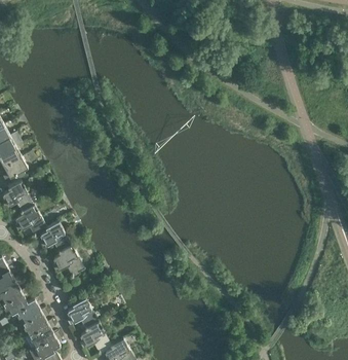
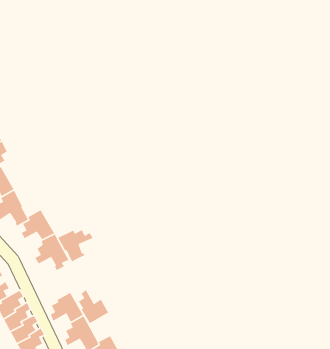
building: none -> [57,229,94,262]
building: none -> [78,289,109,324]

